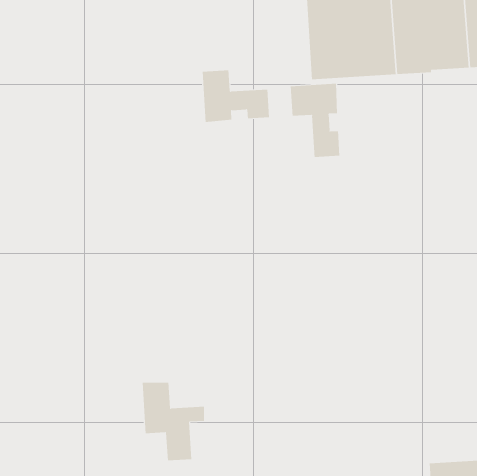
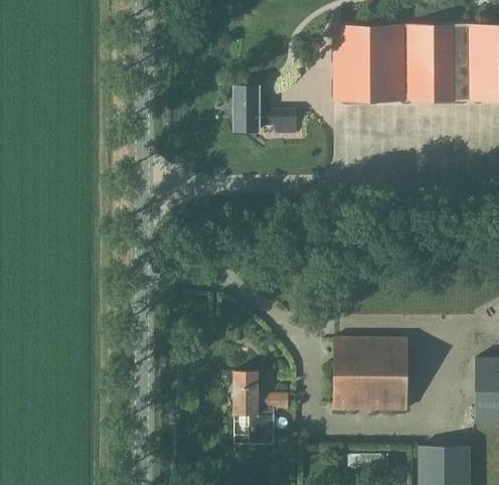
building: [290,83,340,158] -> none
building: none -> [334,338,406,410]
building: [142,382,205,461] -> [233,370,288,441]

